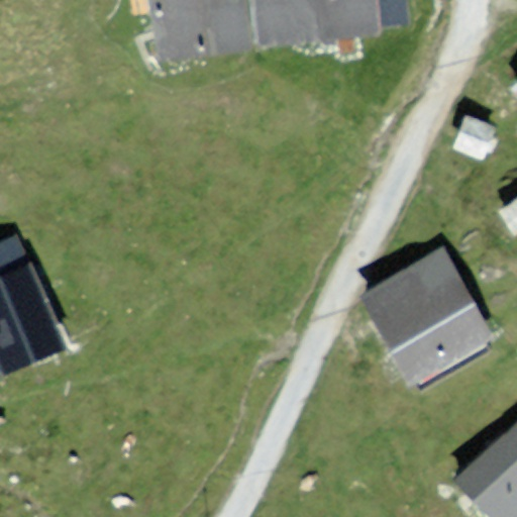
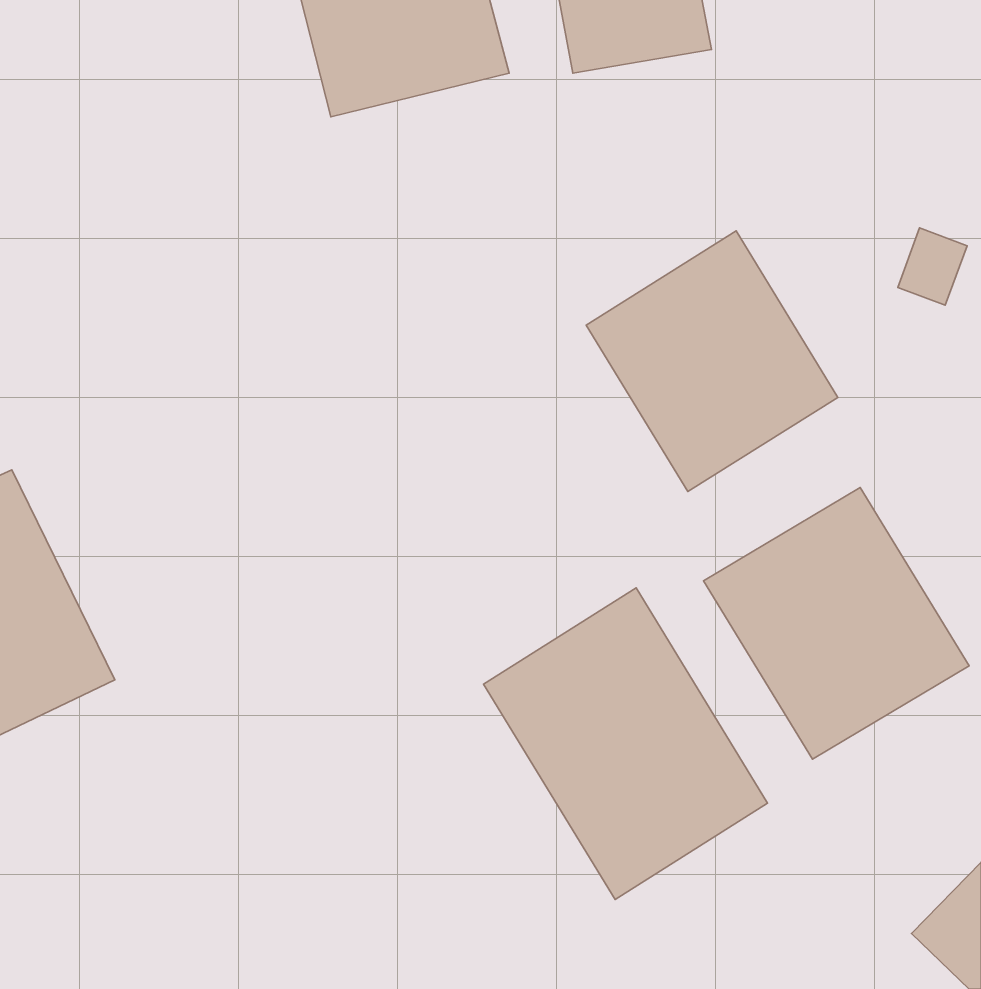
building: none -> [586,231,838,492]
building: none -> [484,588,768,899]

